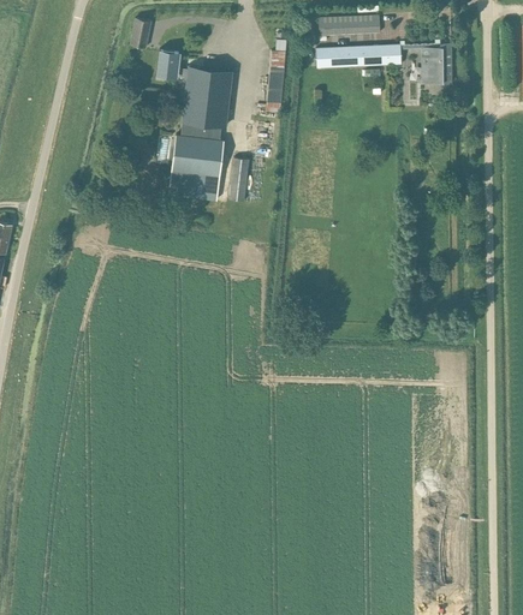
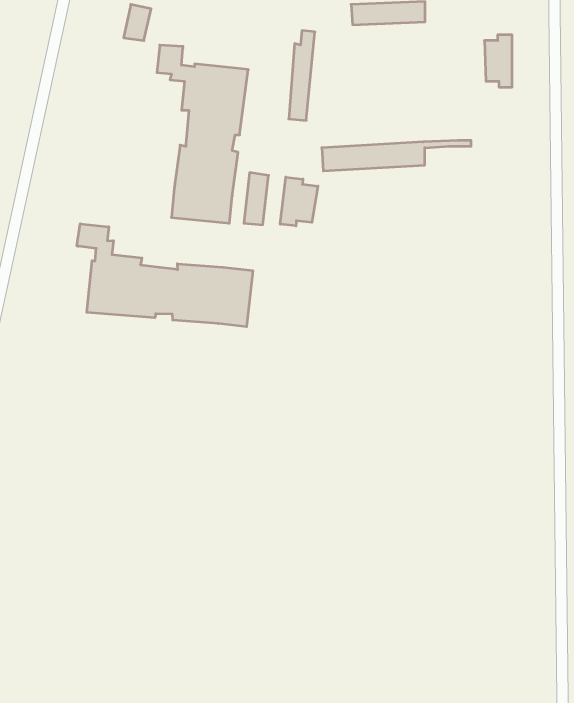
building: [315,43,439,68] -> [322,140,471,171]
building: none -> [280,177,318,226]
building: none -> [77,224,253,327]

